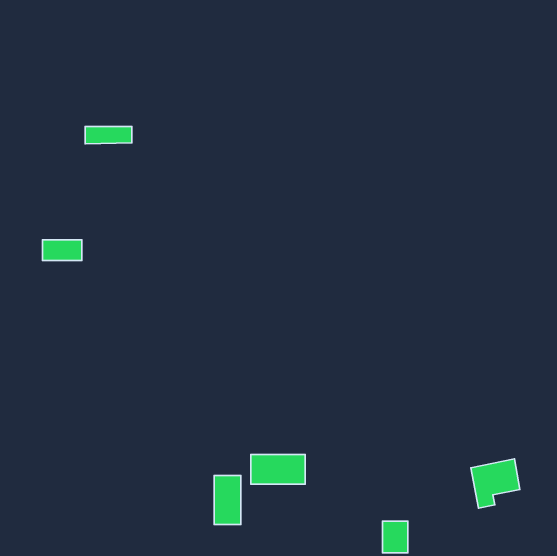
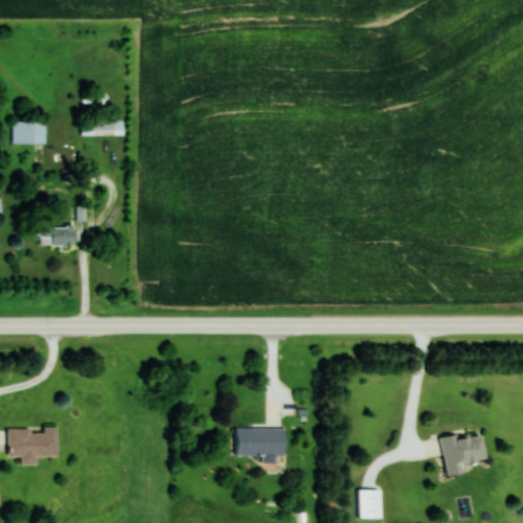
building: none -> [11,121,45,144]
building: none -> [7,428,58,465]
building: [214,475,241,524] -> none

